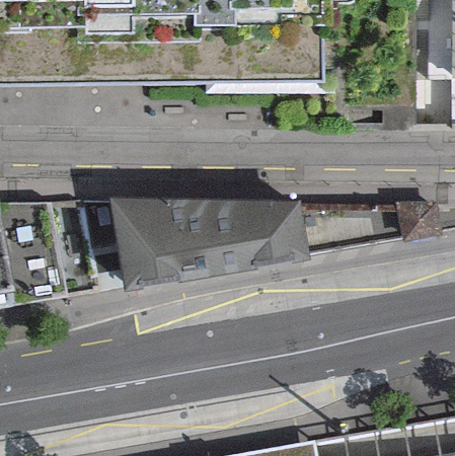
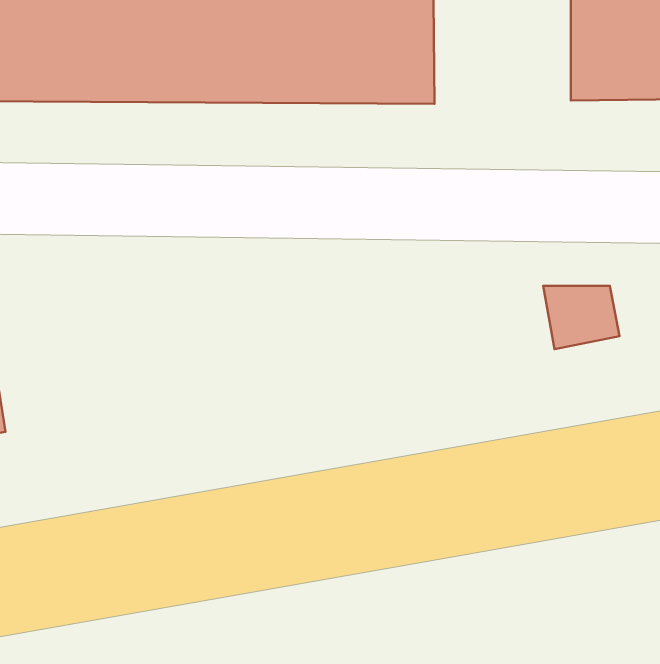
building: [100,195,289,261] -> none

